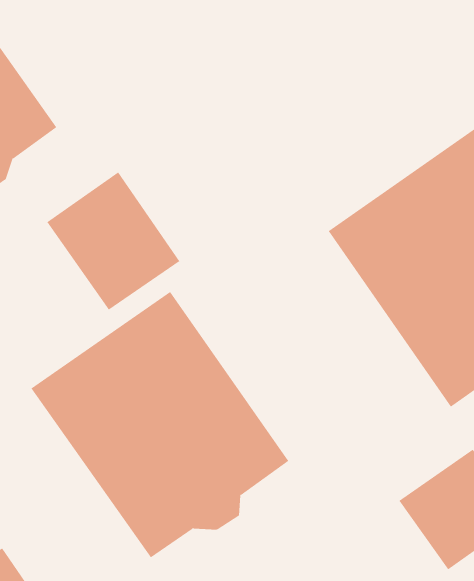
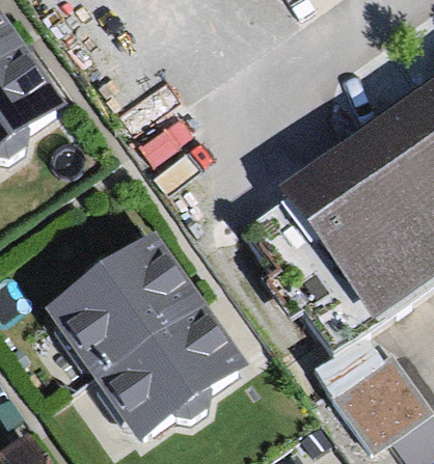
building: [47,172,180,310] -> none

